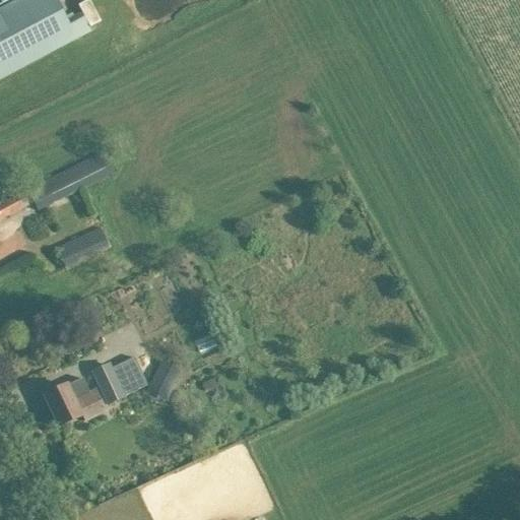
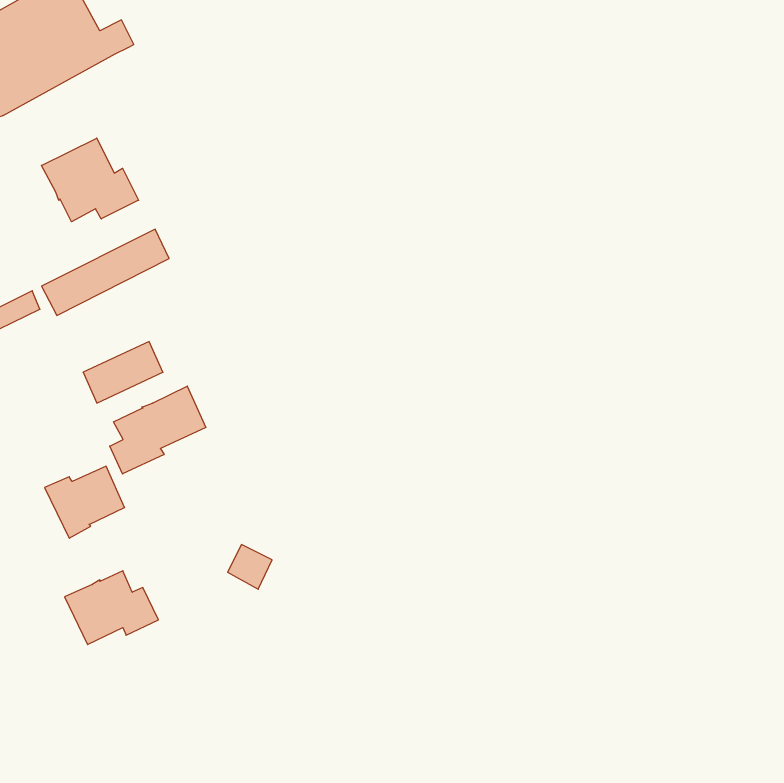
building: none -> [41,138,139,222]
building: none -> [110,386,206,474]
building: [92,356,145,404] -> [45,466,125,538]

